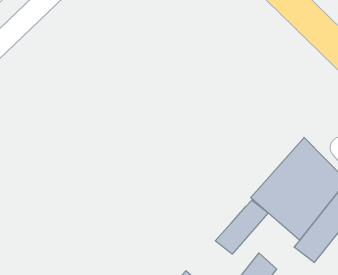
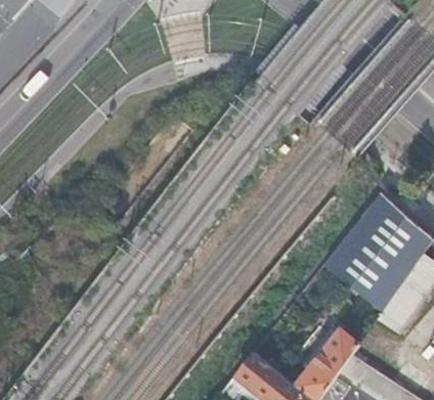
building: [215,200,268,254] -> none

